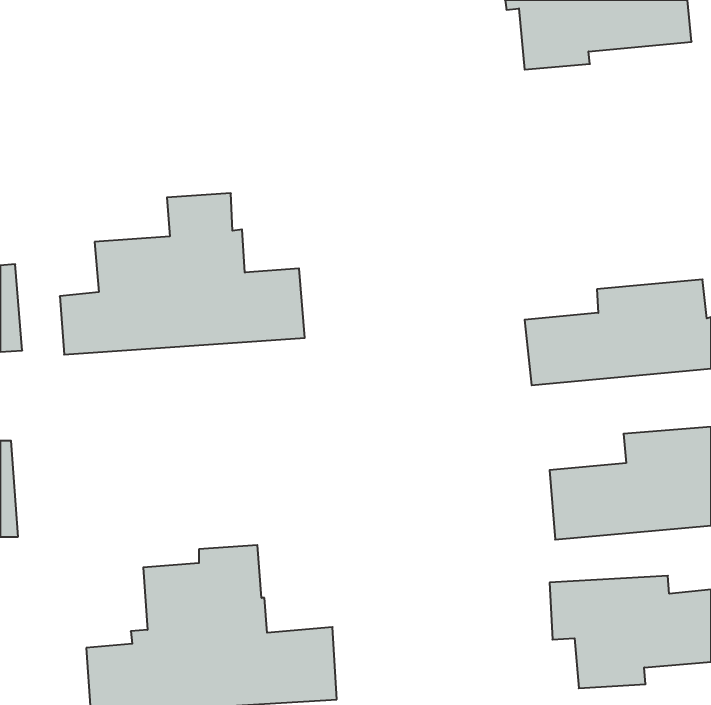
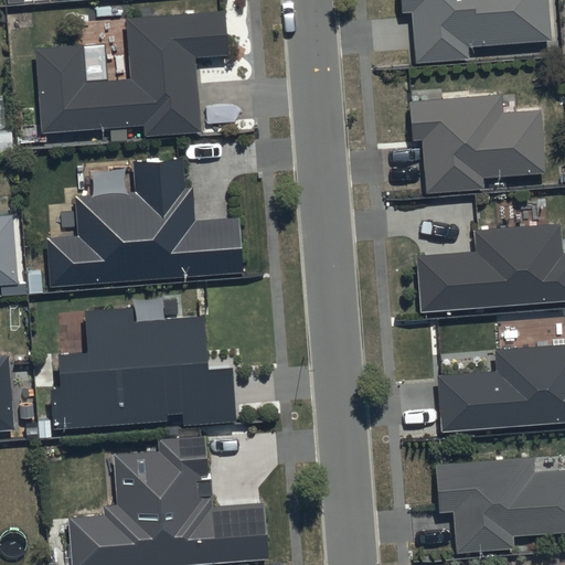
building: none -> [35,11,227,135]
building: none -> [409,95,545,190]
building: none -> [50,306,235,428]

